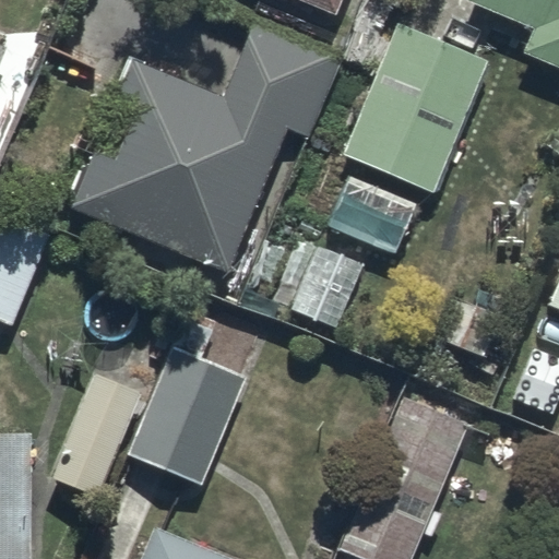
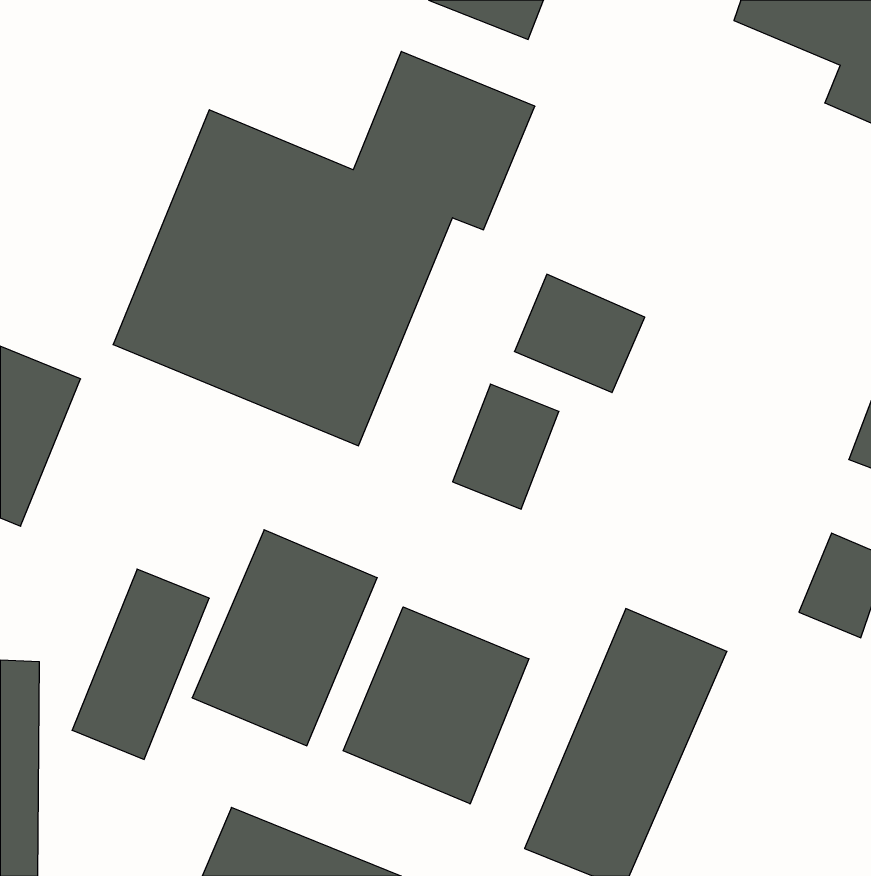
building: [347,34,491,202] -> none
building: none -> [343,607,529,804]

